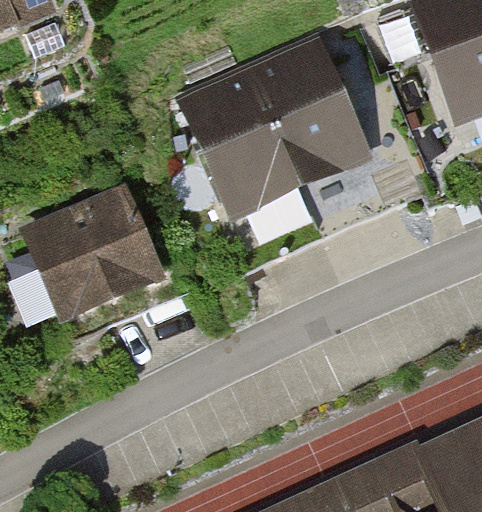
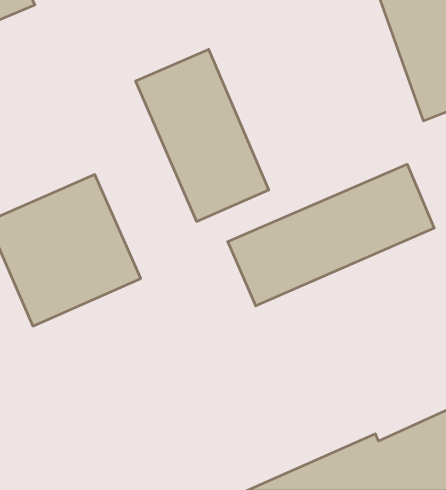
building: [246,33,377,202] -> none
building: none -> [228,164,434,306]

